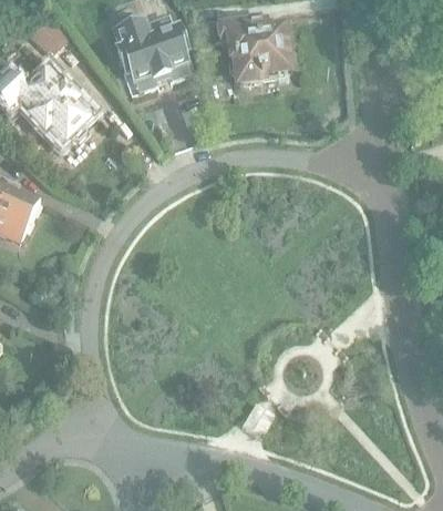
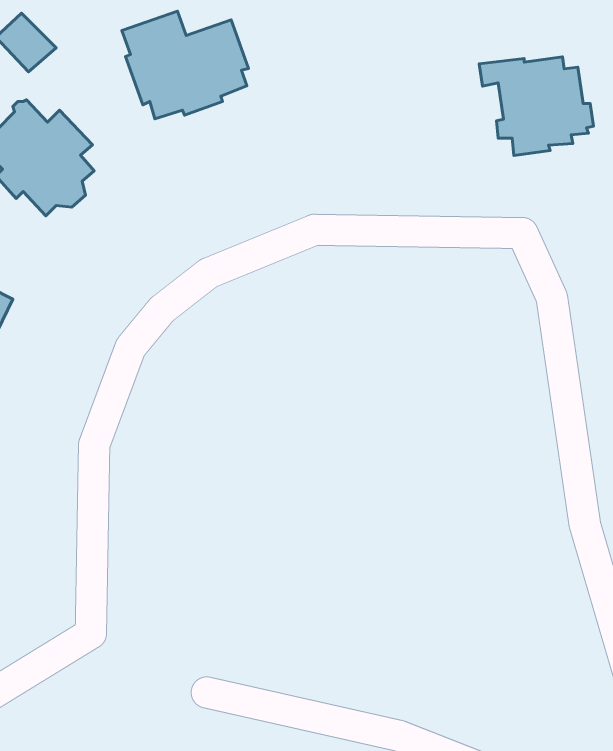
building: [218,21,291,84] -> [479,57,594,156]

